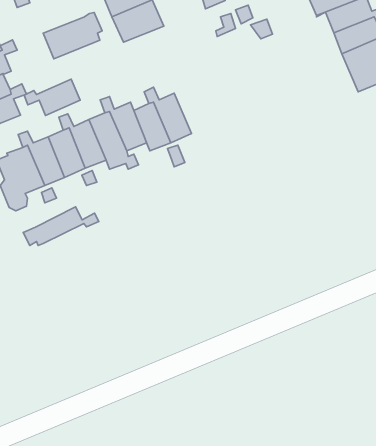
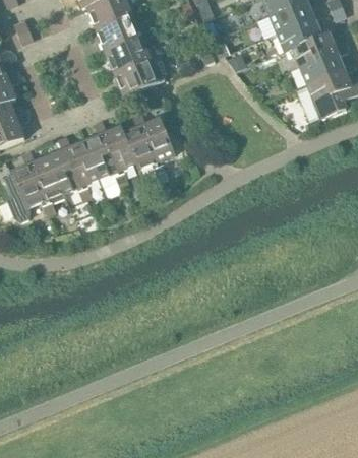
building: [43,12,102,59] -> [115,55,167,95]
building: [24,79,80,116] -> none
building: [23,207,99,246] -> none

